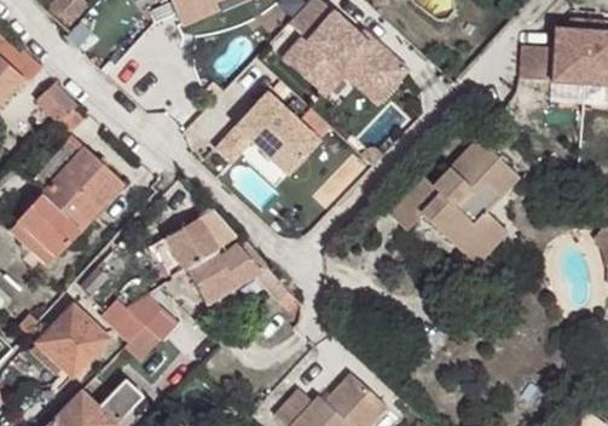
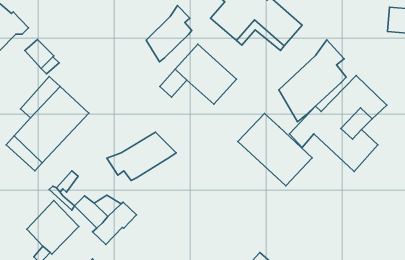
building: none -> [146,6,192,62]
building: none -> [279,40,346,122]
building: none -> [238,113,312,186]
building: [185,246,288,305] -> none

